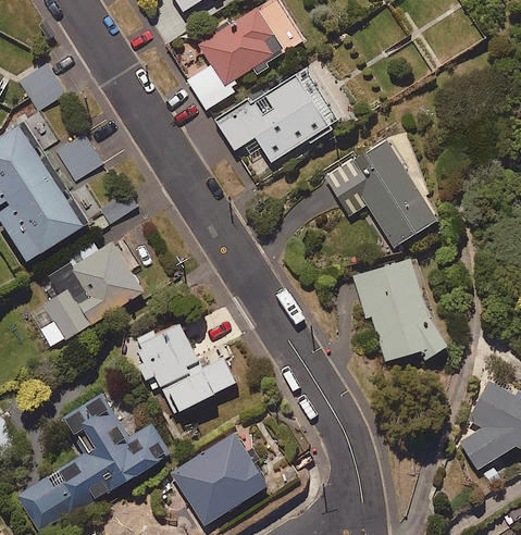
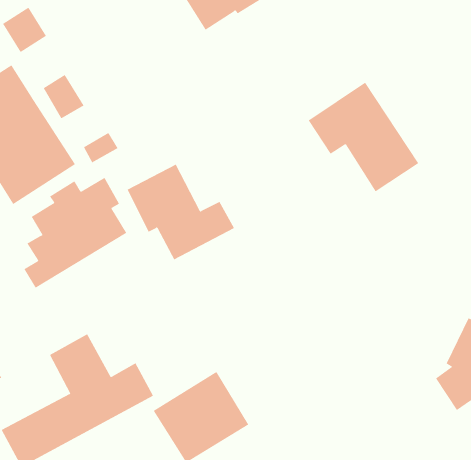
building: [213,63,342,163] -> none
building: [350,258,446,361] -> none
building: [127,319,237,416] -> [127,164,235,260]

